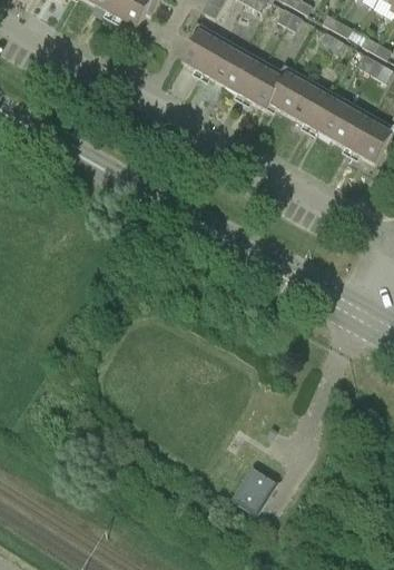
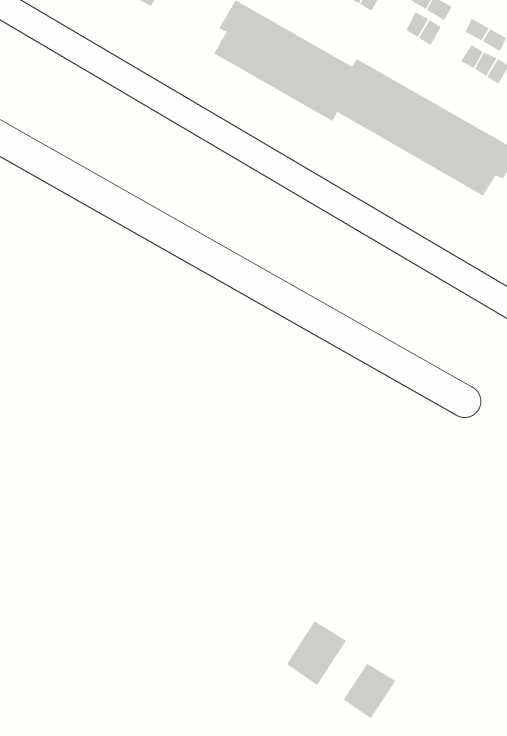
building: none -> [343,663,396,719]

